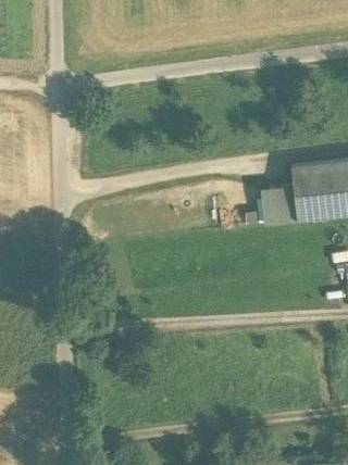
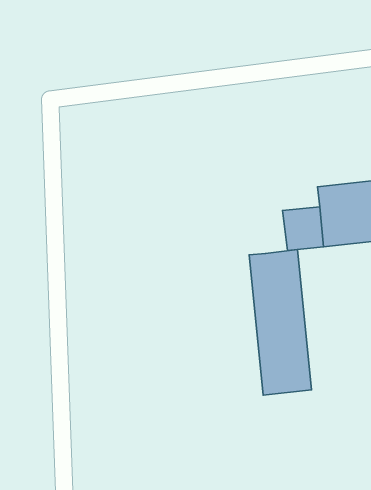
building: none -> [249,249,312,395]

